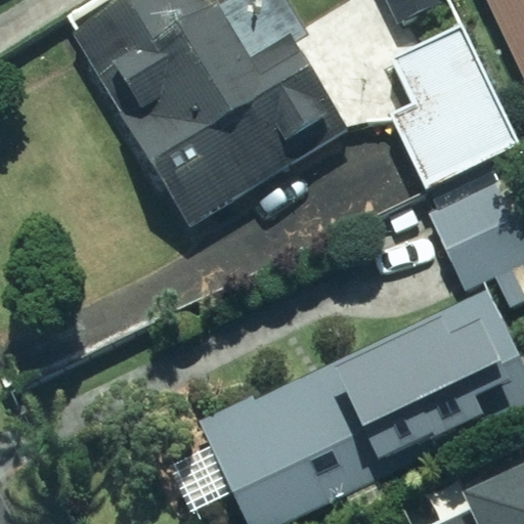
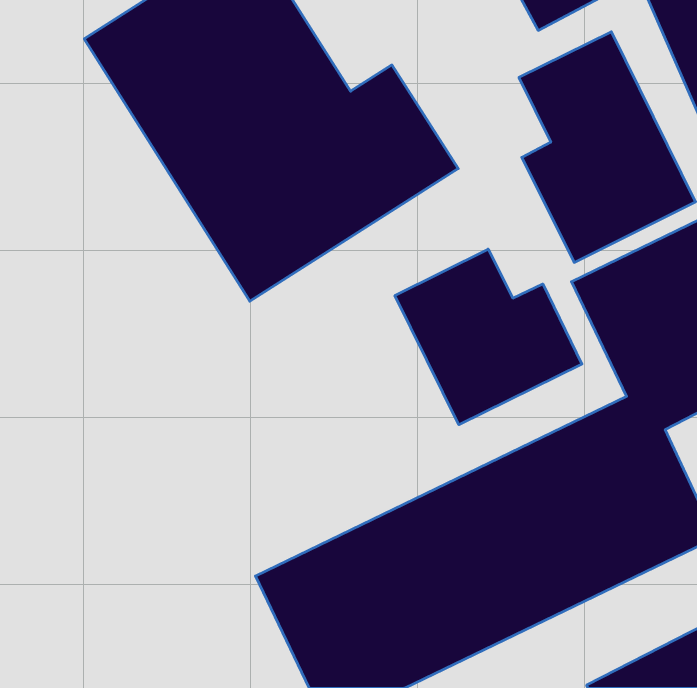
building: none -> [395,249,582,425]

